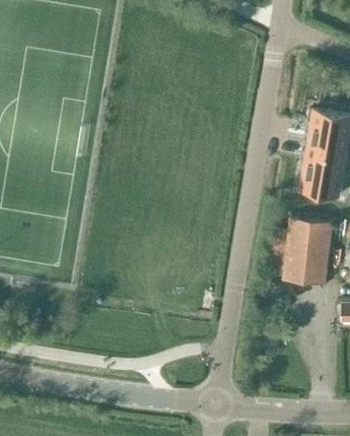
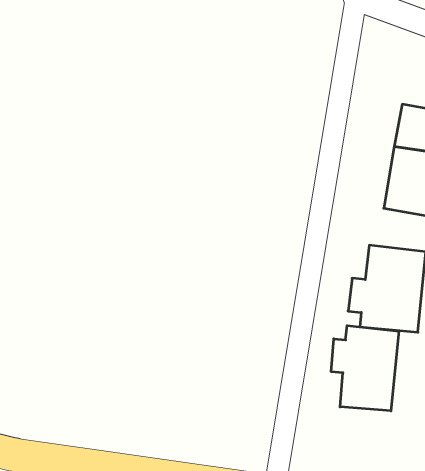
building: none -> [331,326,399,411]

